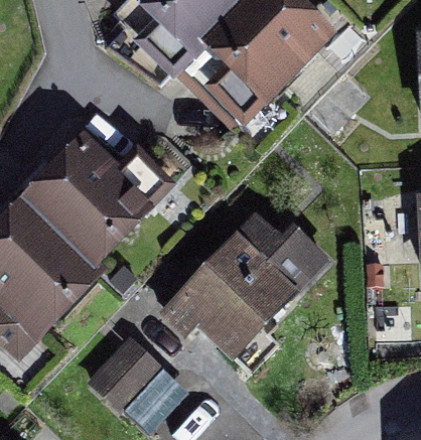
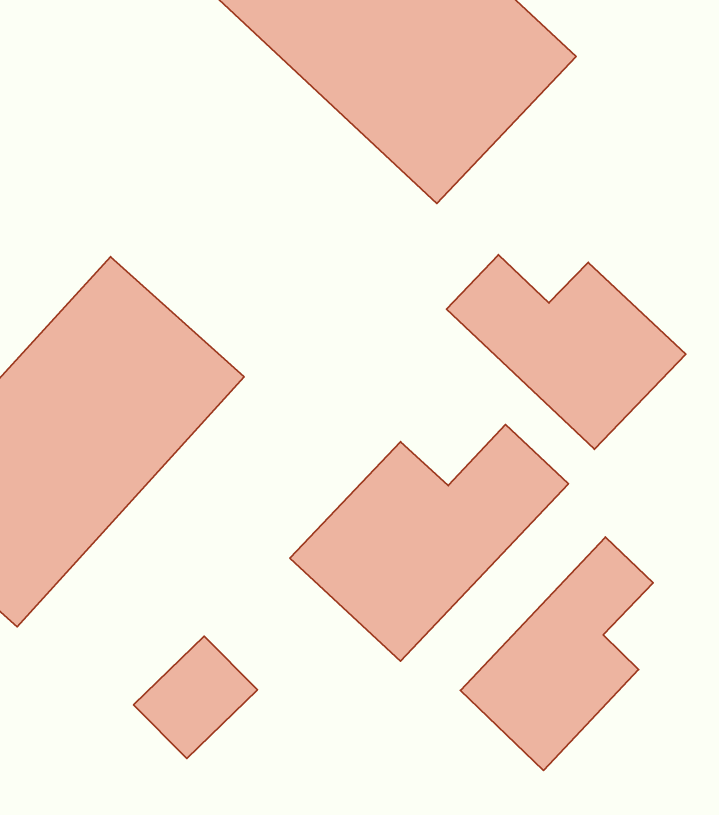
building: none -> [447,255,686,449]
building: none -> [460,537,653,770]

